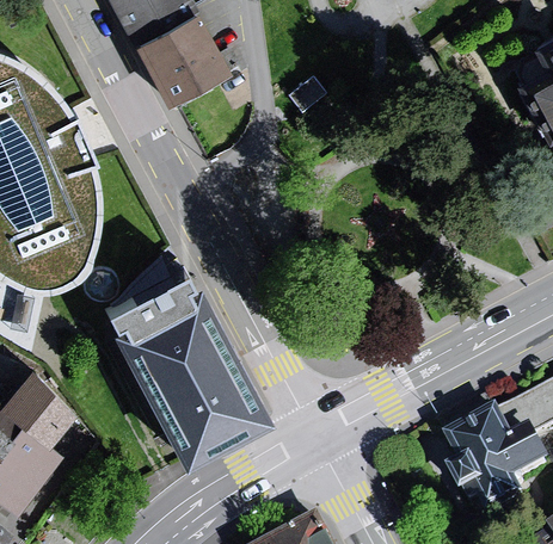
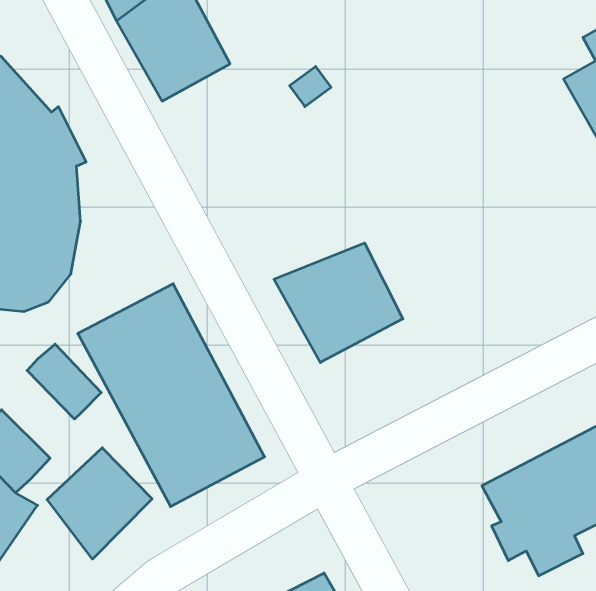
building: none -> [274,243,403,363]
building: none -> [27,344,101,419]
building: none -> [47,448,152,559]

